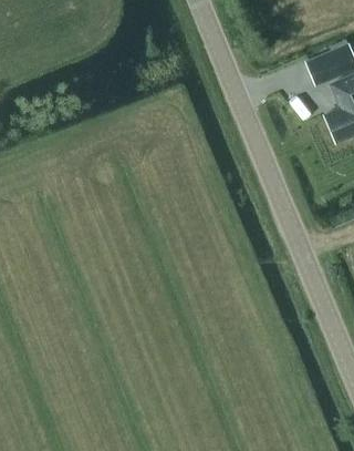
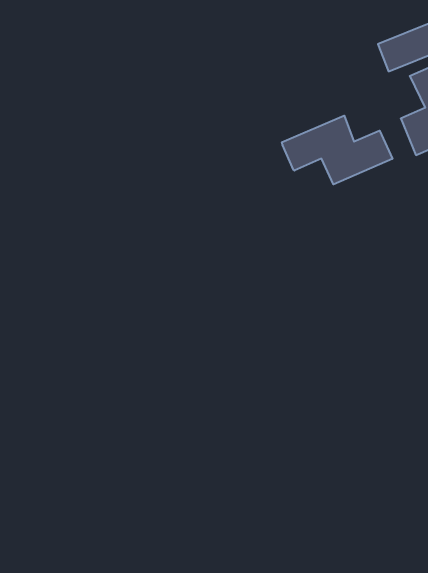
building: none -> [282,116,392,184]

